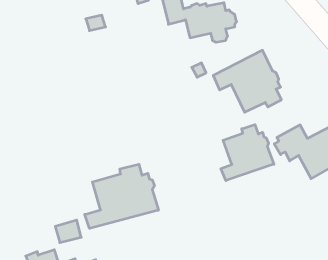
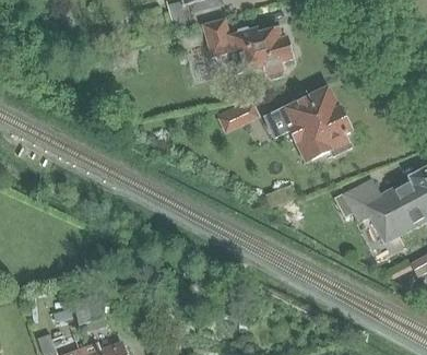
building: [221,125,274,181] -> none
building: [85,164,158,228] -> none

